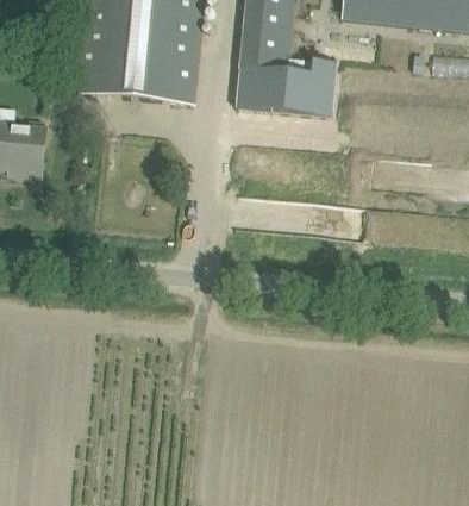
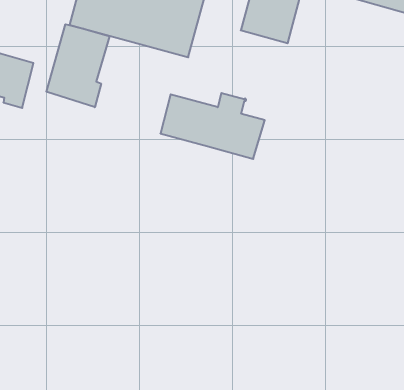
building: [236,58,334,117] -> [160,93,265,159]
building: none -> [46,24,110,107]

